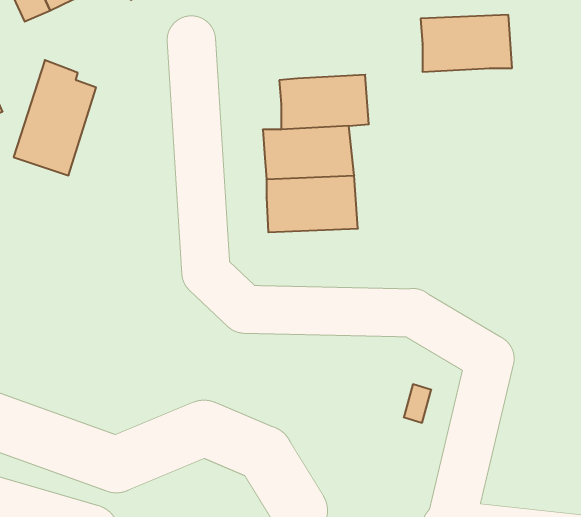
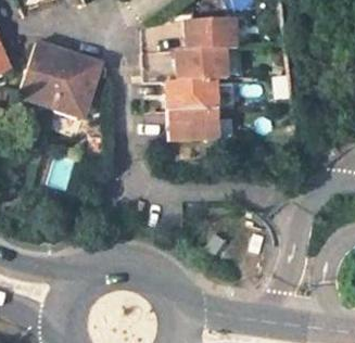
building: [421,15,512,72] -> [185,15,239,49]
building: none -> [50,54,103,118]

